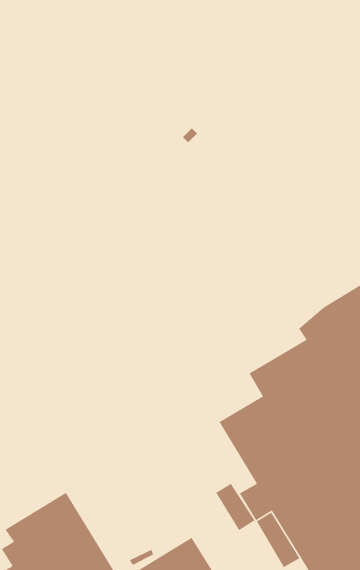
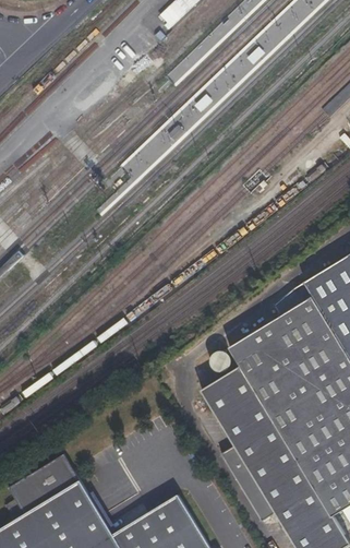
building: [215,483,255,531] -> none

